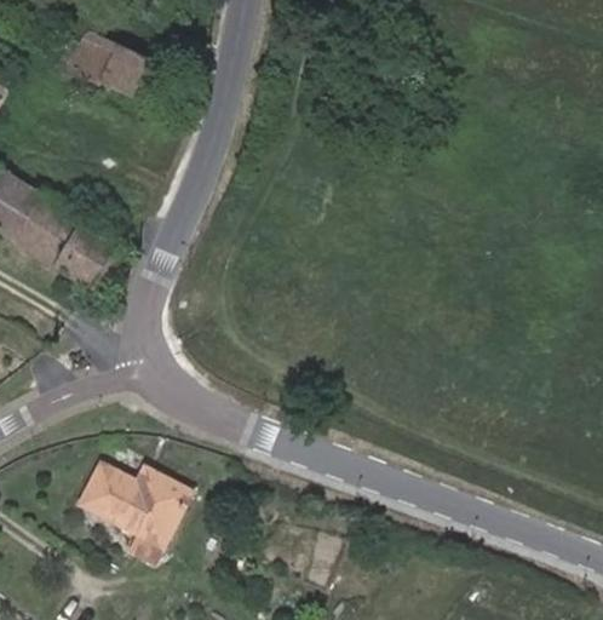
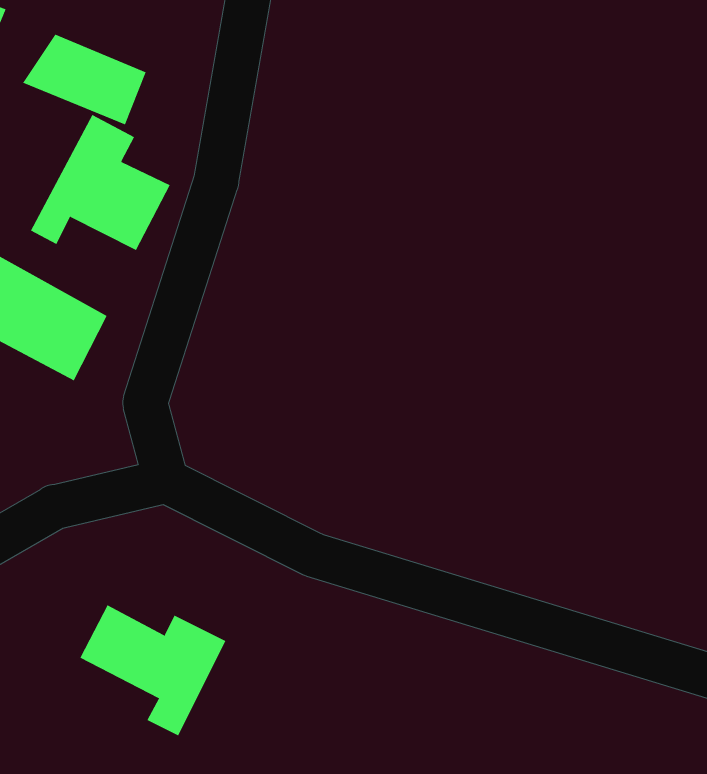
building: none -> [30,114,171,251]

